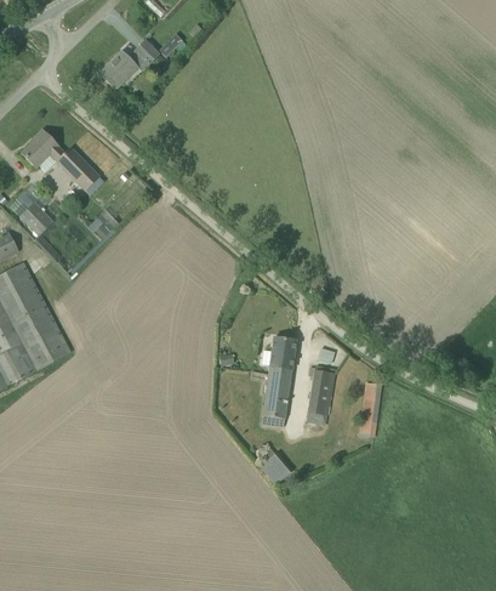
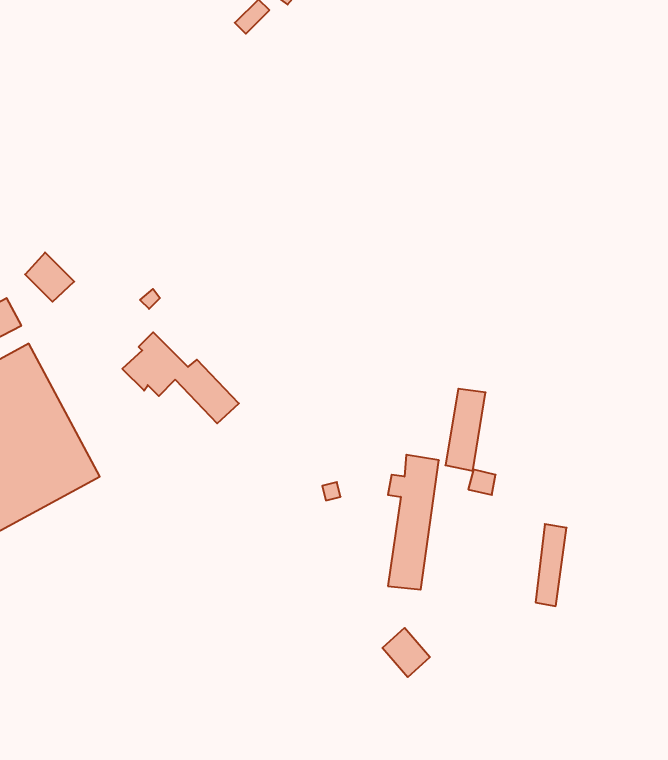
building: [101,40,159,89] -> none
building: [22,129,99,189] -> [122,332,239,423]
building: [308,370,335,425] -> [445,389,486,471]

